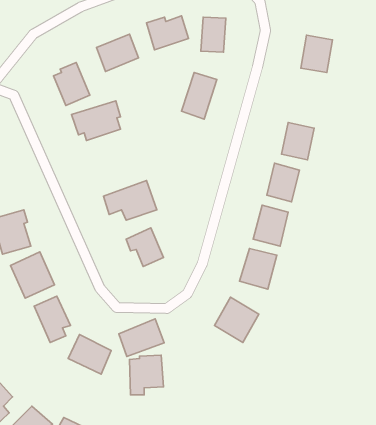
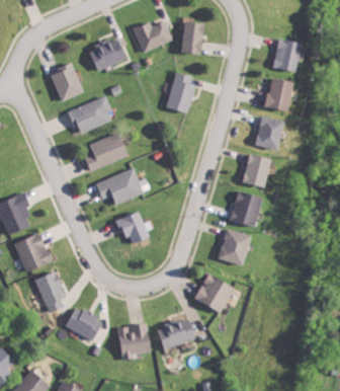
building: none -> [264,78,292,110]
building: none -> [83,132,129,171]
building: [119,319,164,356] -> [156,316,196,349]

